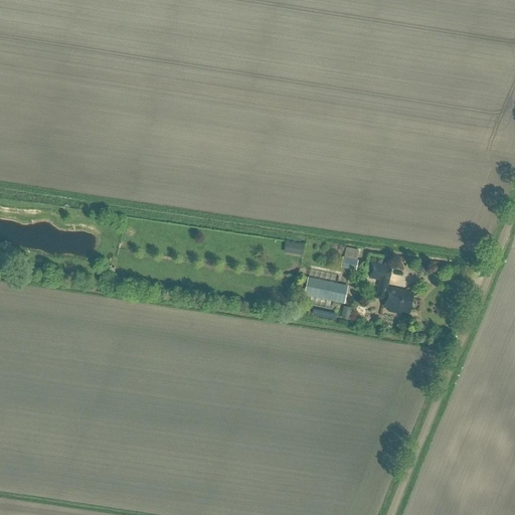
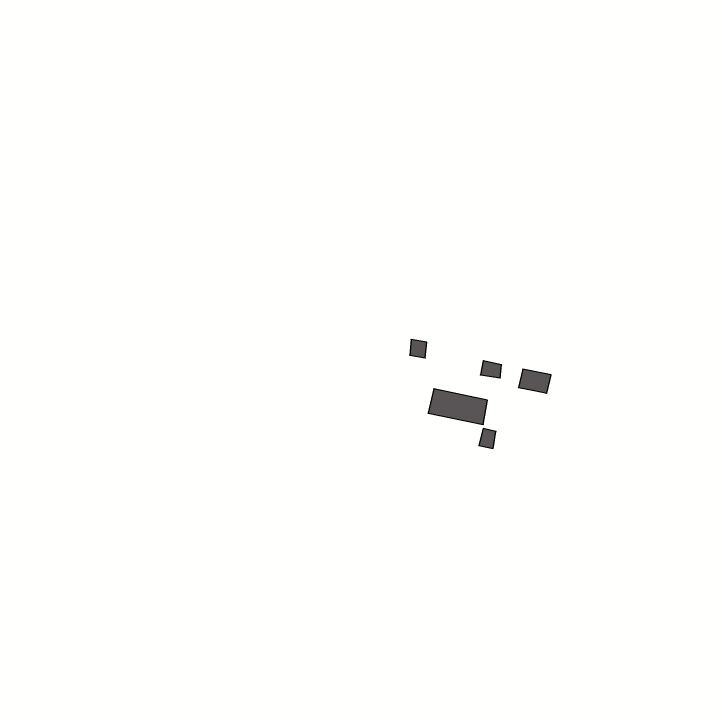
building: [384,287,414,314] -> none

